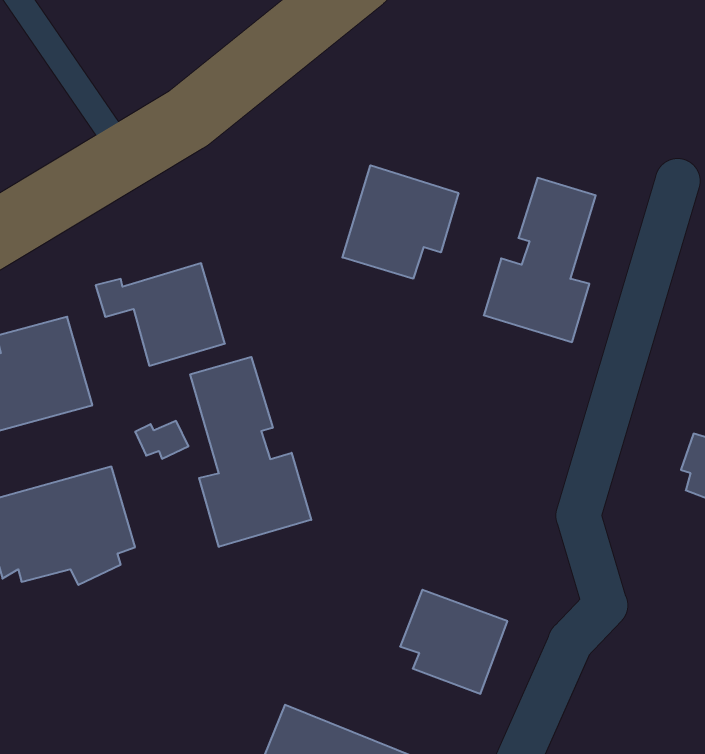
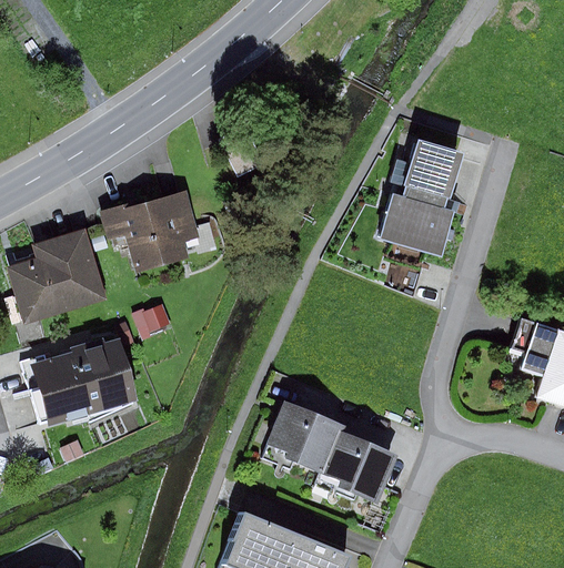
building: [342,165,458,279] -> none
building: [190,357,311,547] -> none
building: none -> [266,399,339,468]

